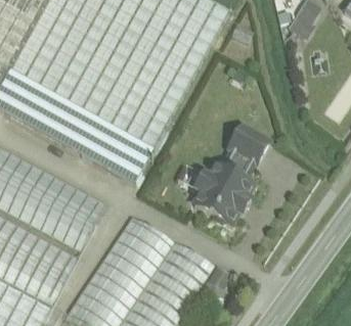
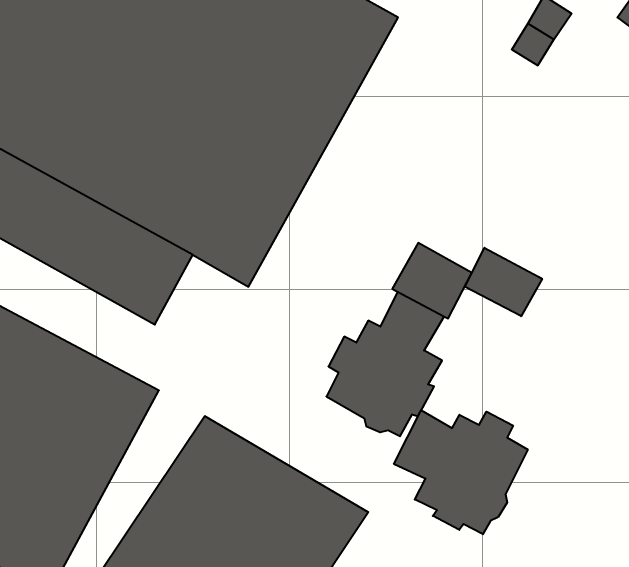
building: none -> [465,248,542,316]
building: [106,132,155,183] -> none
building: none -> [394,410,528,534]

